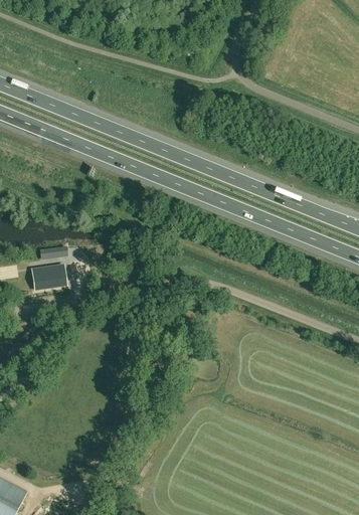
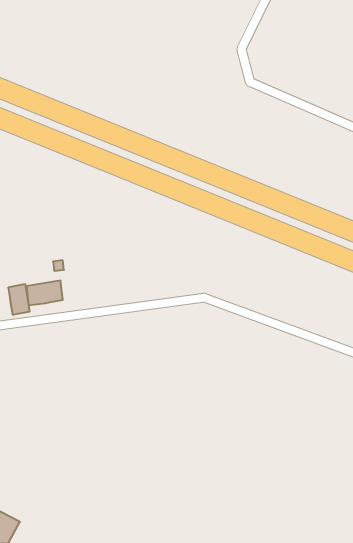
building: none -> [9,284,29,315]

